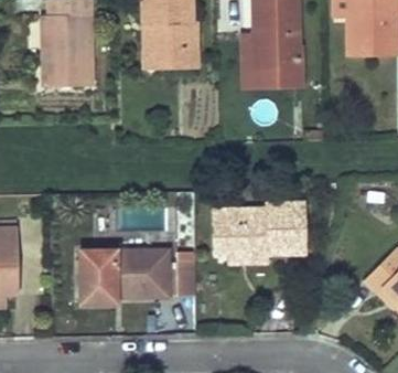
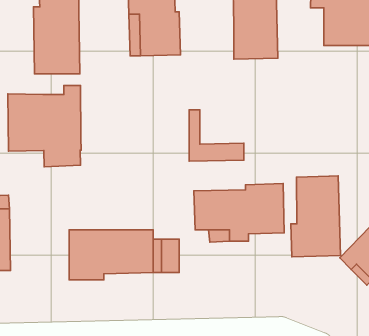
building: [243,34,300,88] -> [189,110,244,161]
building: none -> [8,85,81,167]
building: none -> [291,176,340,257]

